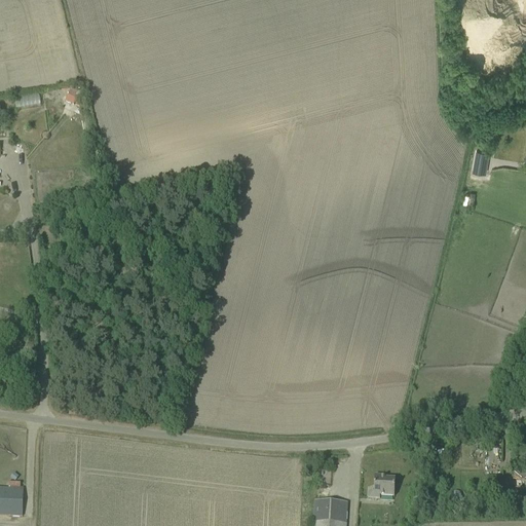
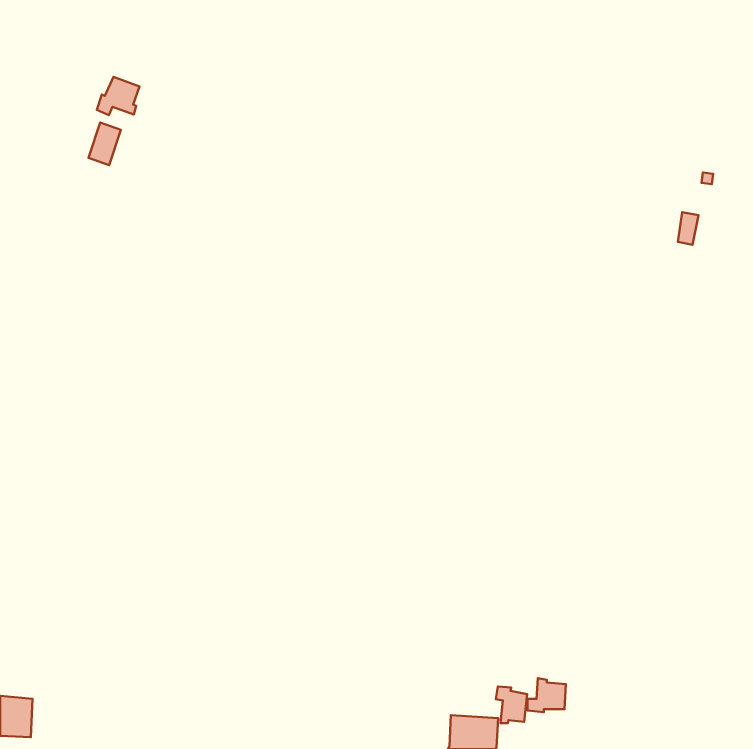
building: none -> [97,77,139,115]
building: none -> [496,686,527,723]

